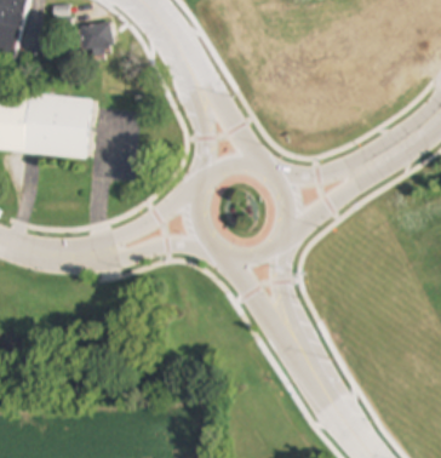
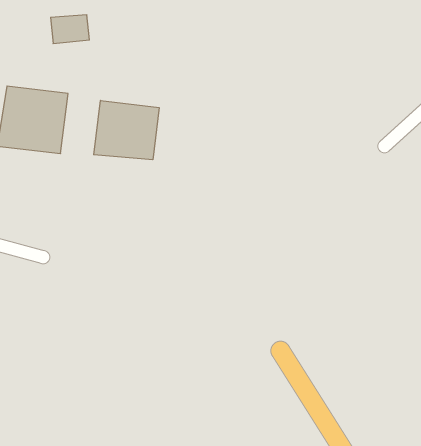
building: none -> [94,100,159,160]

